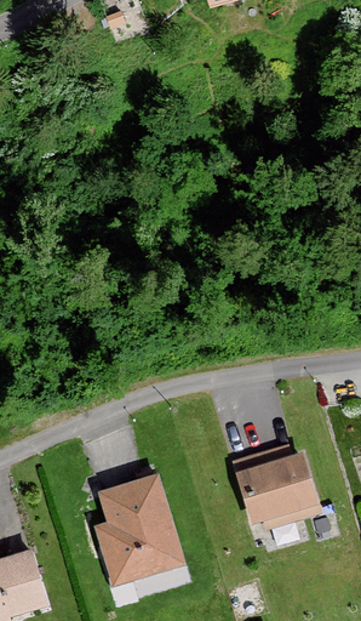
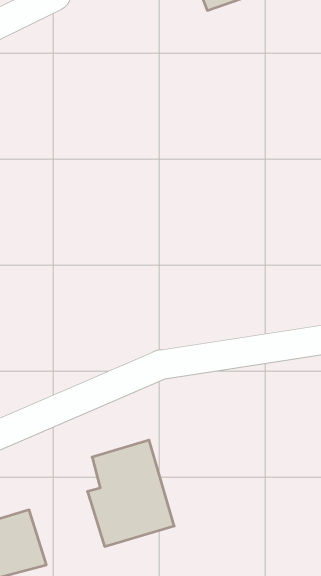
building: [234,454,317,525] -> none

